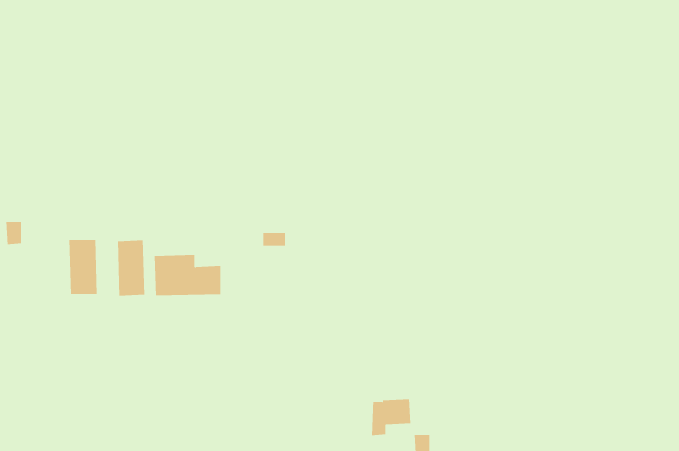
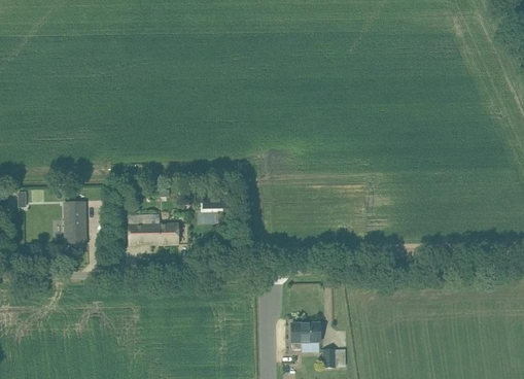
building: [117,239,145,296] -> none

